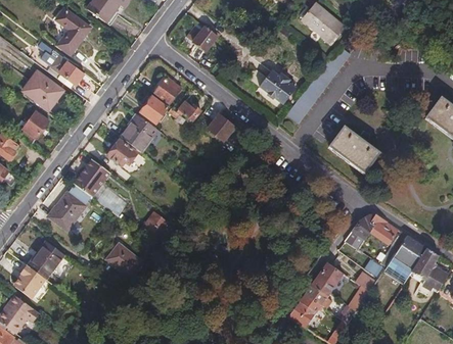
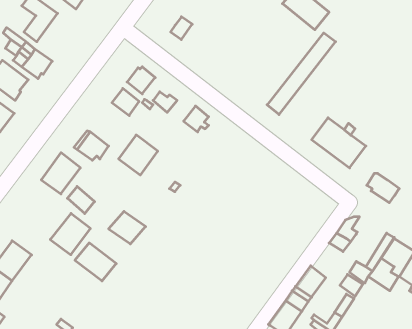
building: [260,66,297,100] -> none
building: [121,113,157,151] -> [119,135,158,175]
building: [48,191,86,230] -> [50,213,90,255]
building: [366,217,397,245] -> [367,173,399,203]

